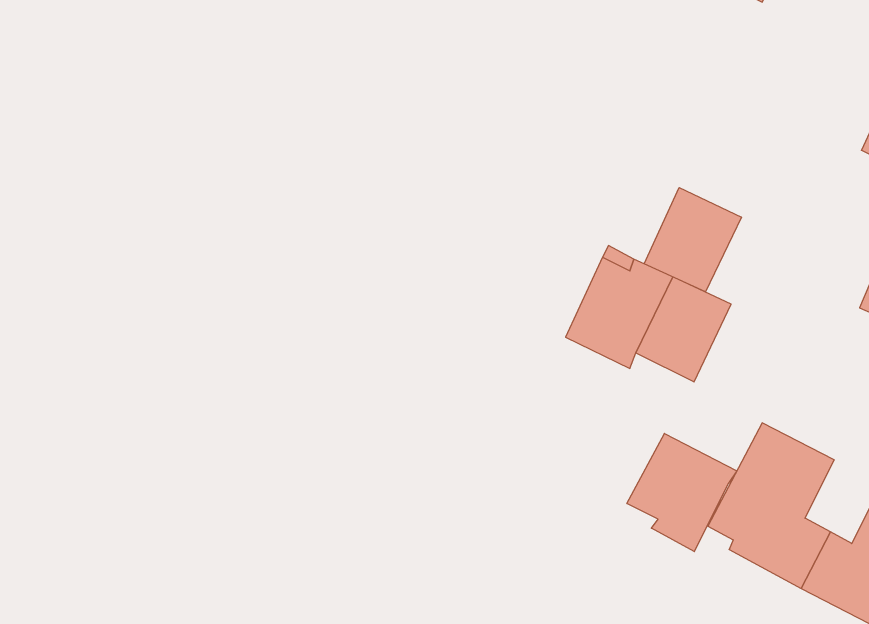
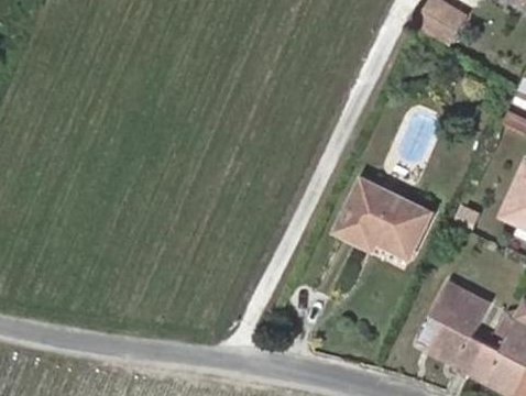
building: [644,188,741,292] -> none
building: [627,433,737,552] -> none

